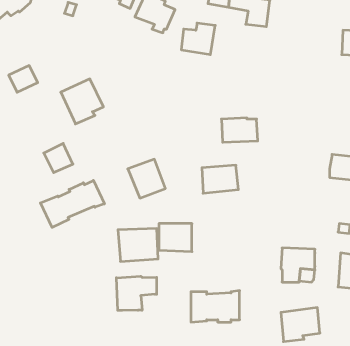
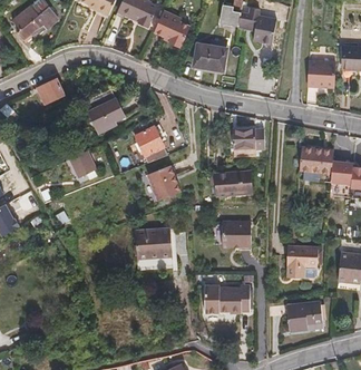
building: none -> [306,64,335,90]
building: none -> [135,127,168,158]
building: none -> [300,146,333,174]
building: [40,180,104,227] -> none
building: [159,224,192,252] -> [221,222,251,247]
building: [116,276,157,310] -> none

